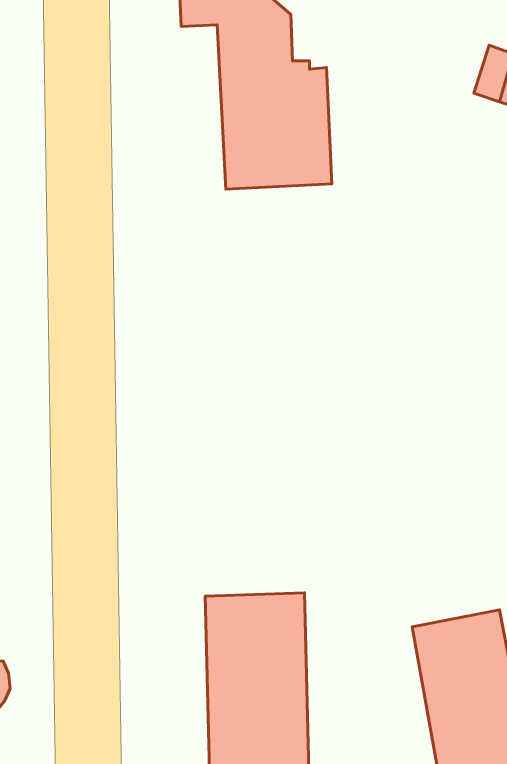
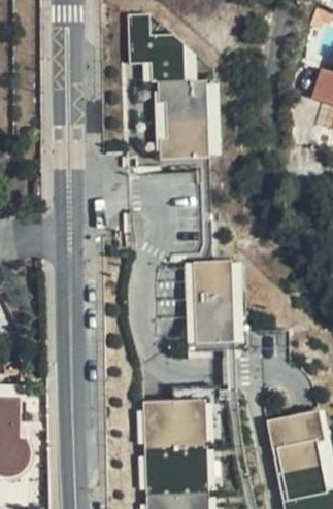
building: none -> [184,259,244,343]

